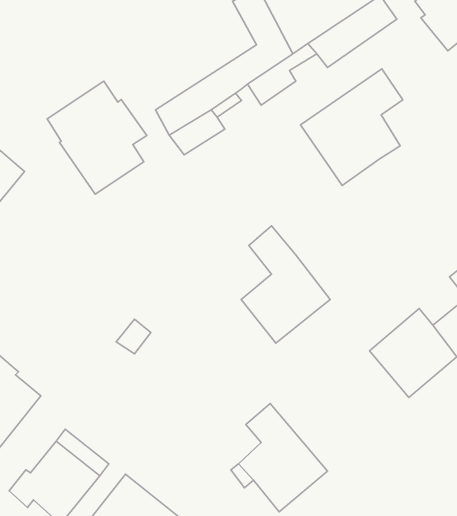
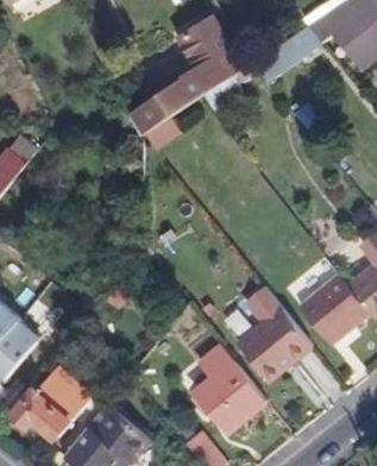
building: [300,69,403,186] -> none
building: [47,81,147,194] -> none
building: [241,226,330,343] -> [237,285,307,378]

